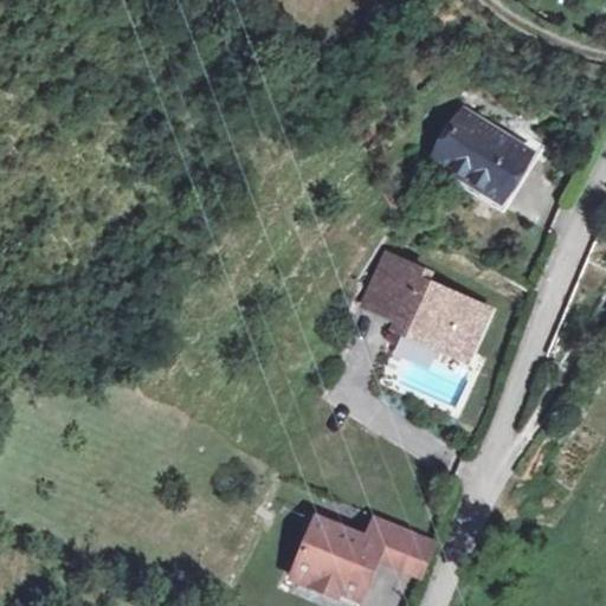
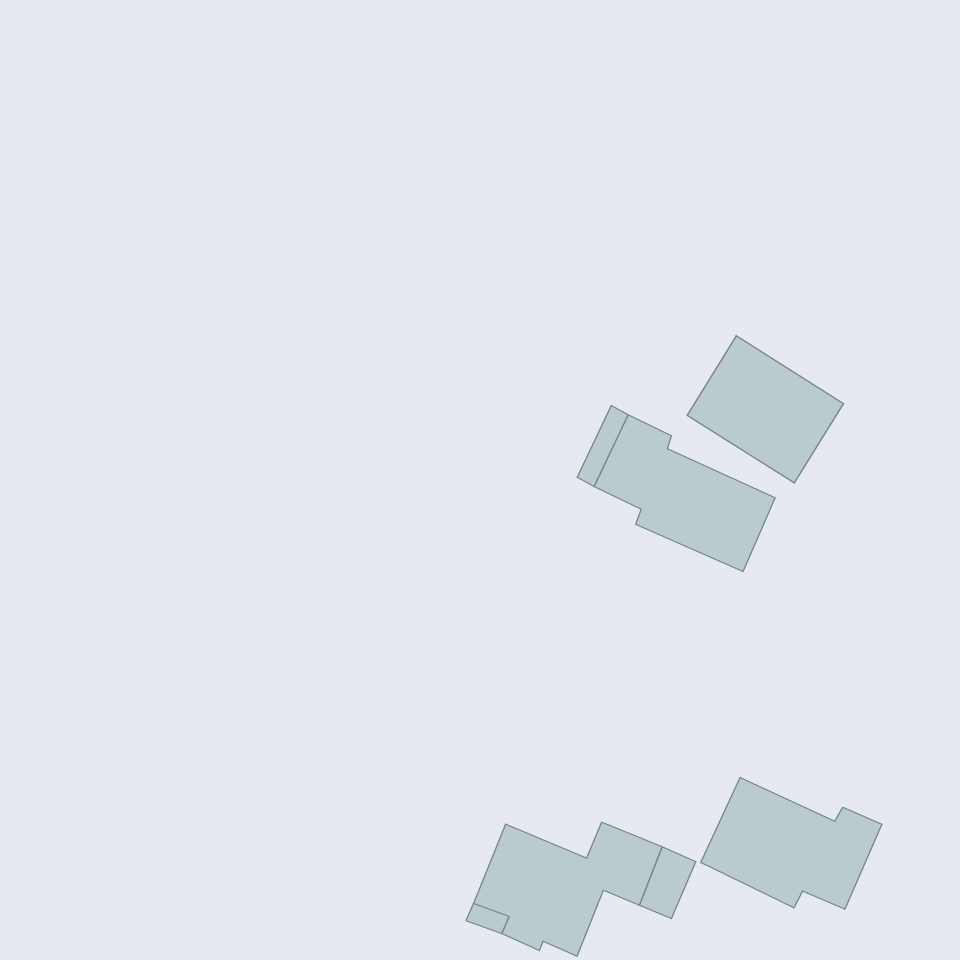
building: [433,110,531,202] -> [687,336,844,483]
building: none -> [701,777,882,909]

